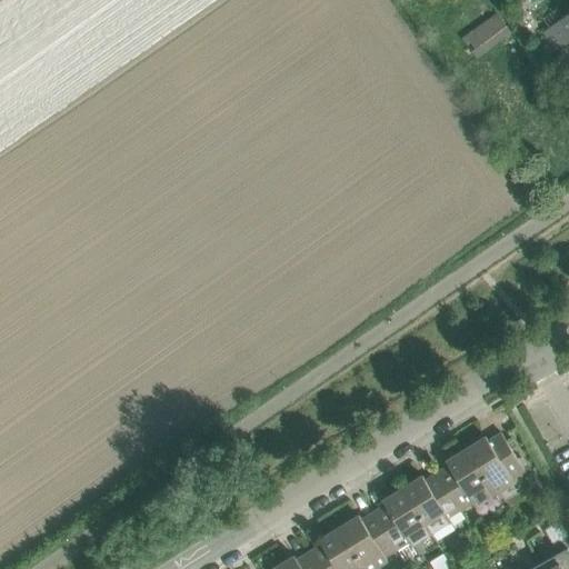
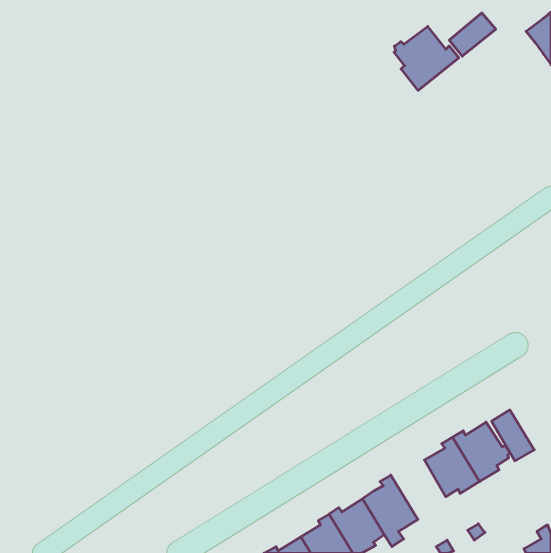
building: none -> [394,26,459,90]
building: none -> [492,410,534,461]
building: [401,472,458,533] -> none

